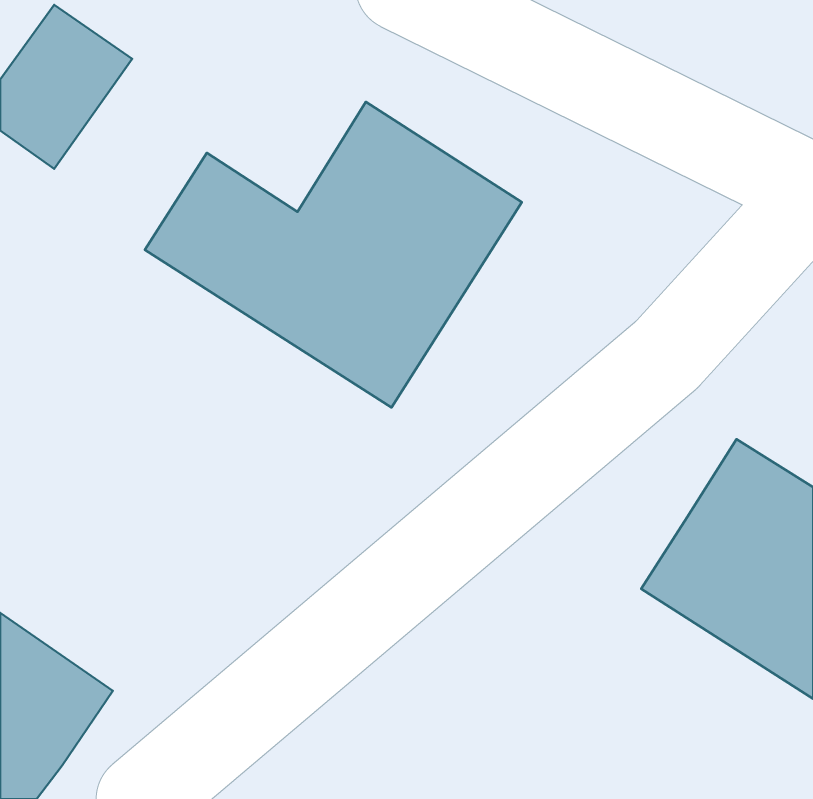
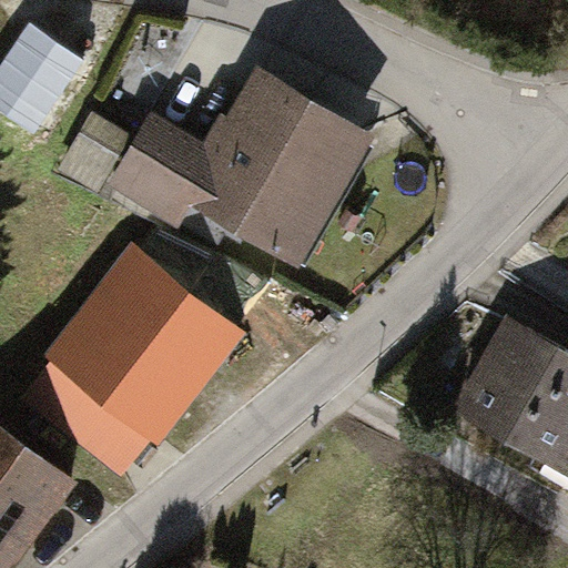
building: none -> [45,253,246,473]

